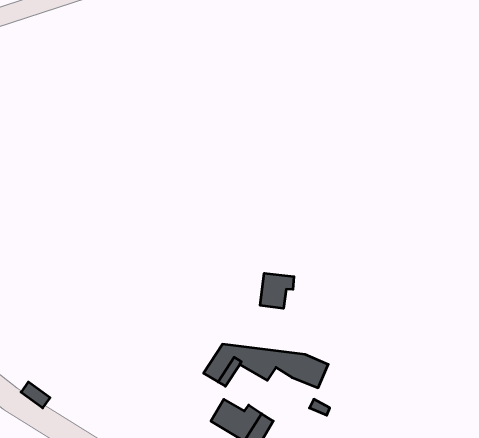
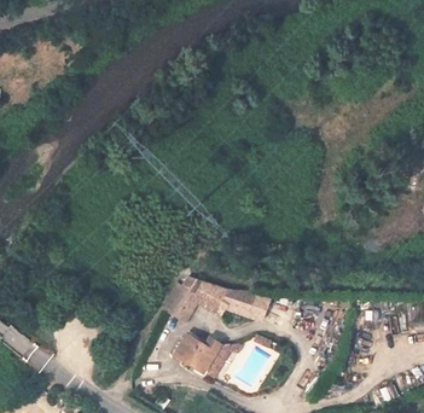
building: [260,273,294,308] -> none

